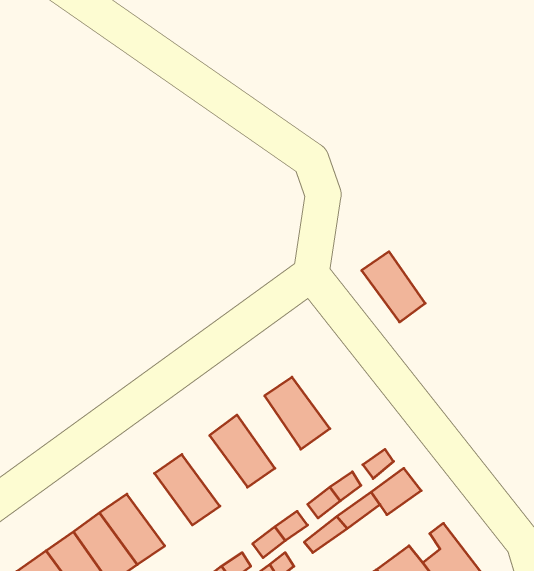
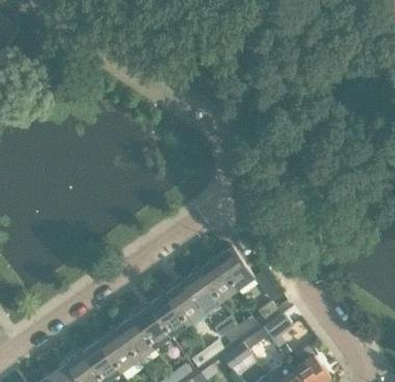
building: [362,252,425,322] -> [213,248,252,291]
building: none -> [180,271,218,315]
building: none -> [147,295,186,337]
building: none -> [113,318,153,361]

